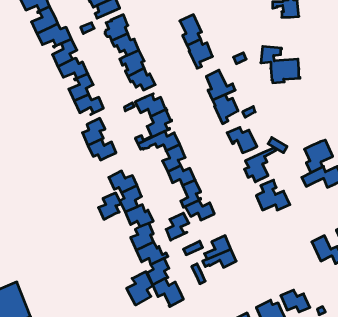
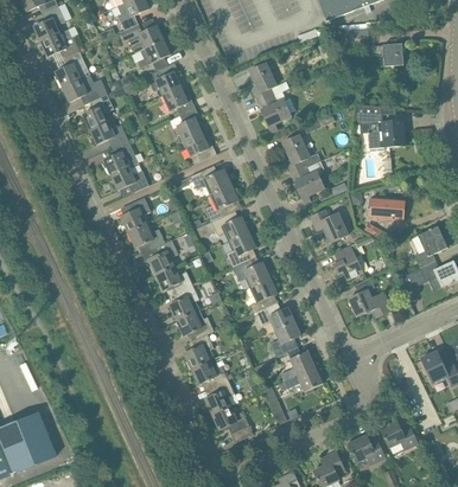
building: none -> [367,197,403,219]
building: [98,193,121,219] -> [148,239,178,274]
building: [166,213,189,240] -> [271,321,300,357]
building: [127,272,153,305] -> none

